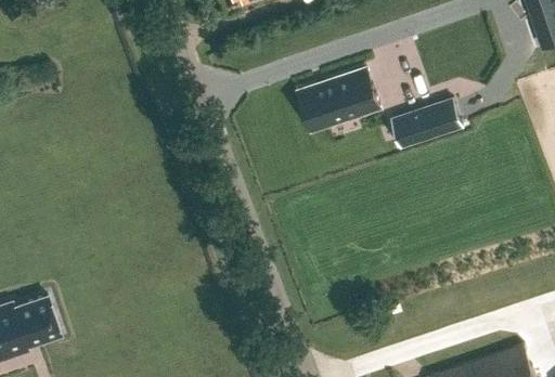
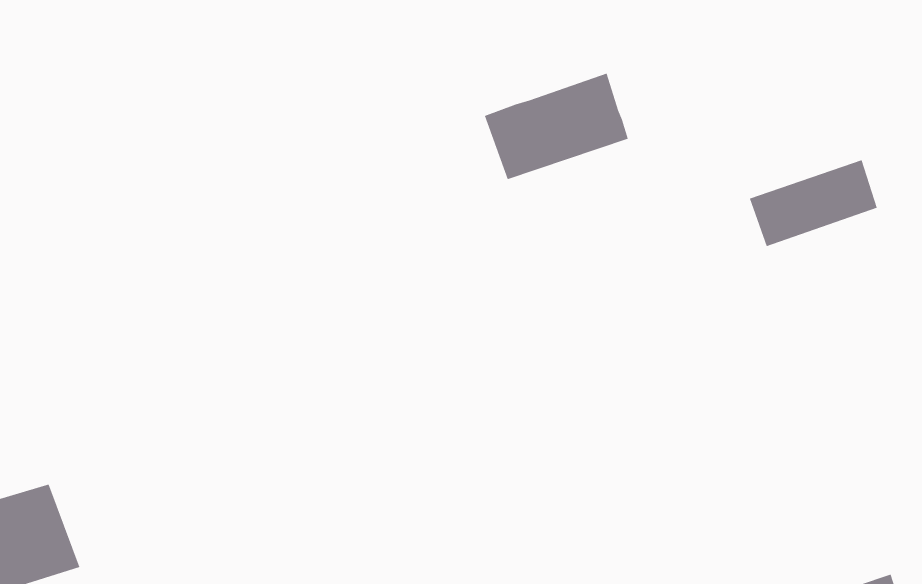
building: [390,99,462,147] -> [749,159,878,247]

